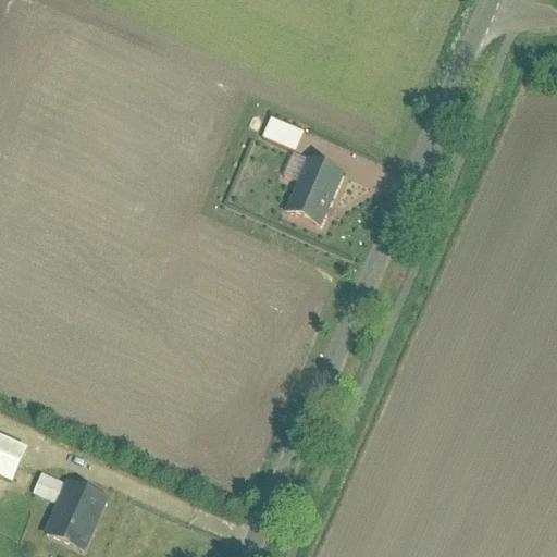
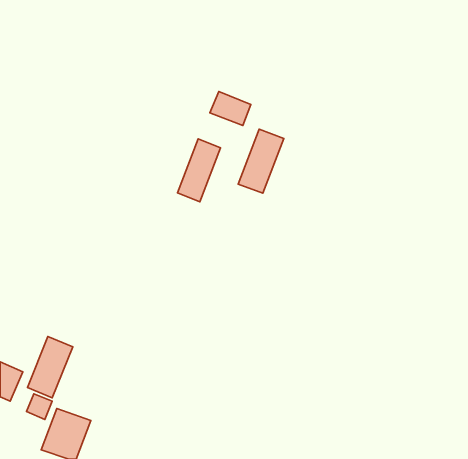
building: none -> [177,139,221,202]
building: none -> [27,337,73,398]

